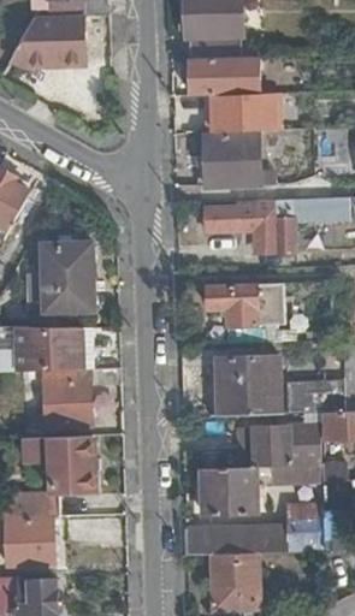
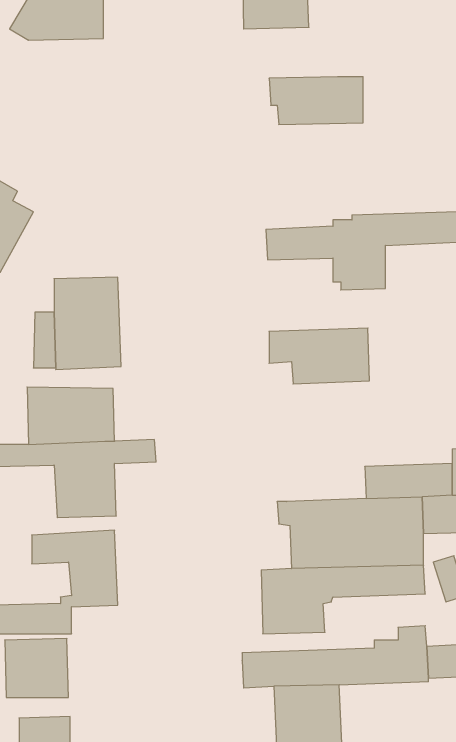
building: [187,57,258,96] -> none
building: [202,134,276,186] -> none
building: [217,357,279,415] -> none

